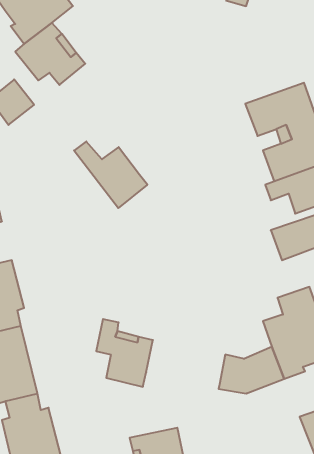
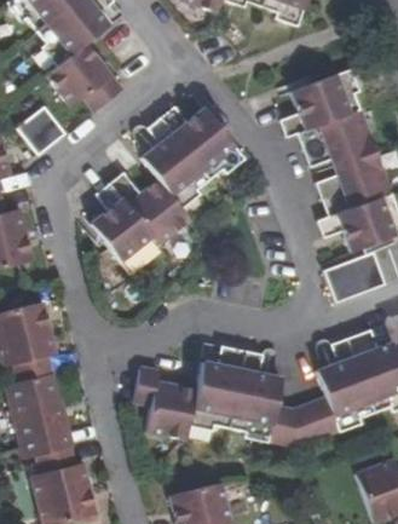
building: none -> [279,69,360,136]
building: none -> [142,105,244,208]
building: none -> [88,182,158,275]
building: none -> [189,346,281,437]

